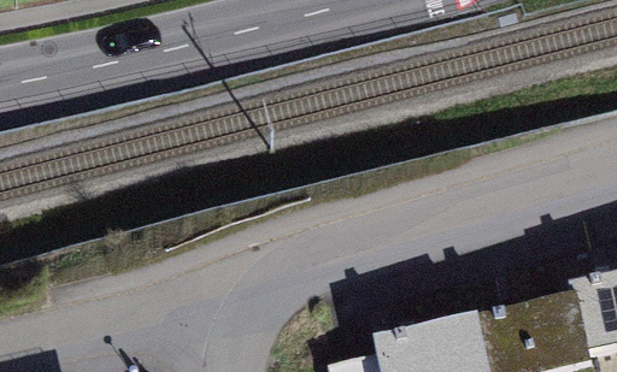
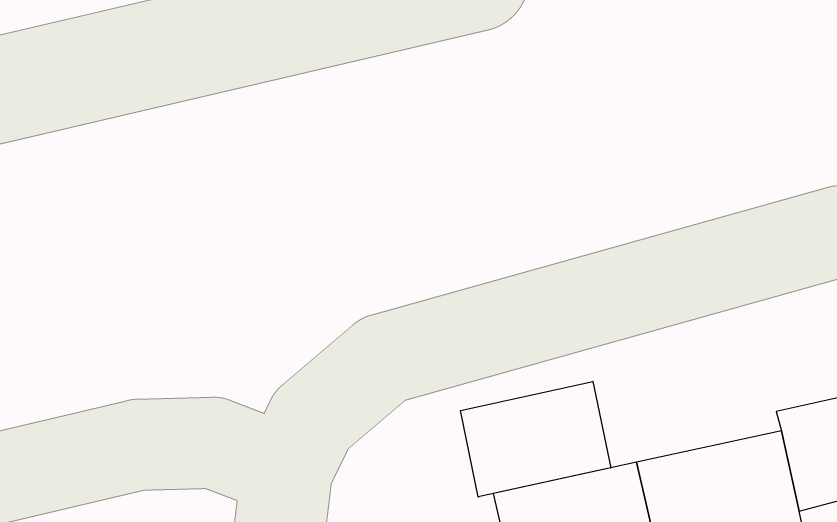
building: none -> [460,381,611,497]

